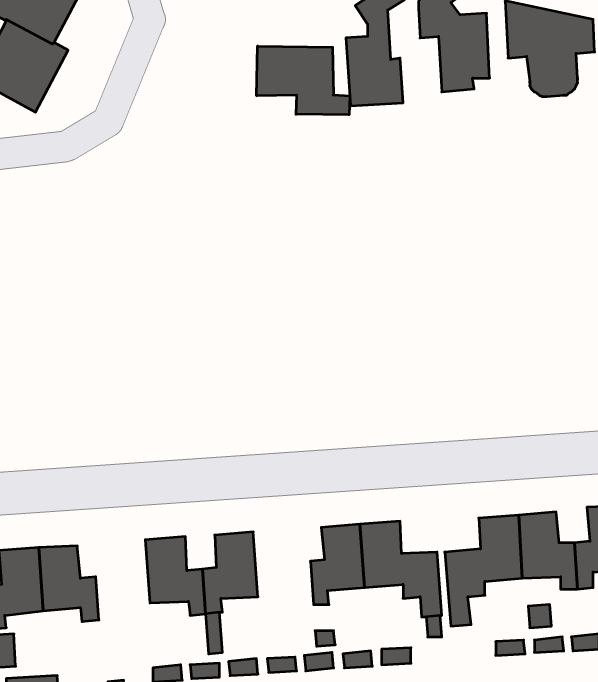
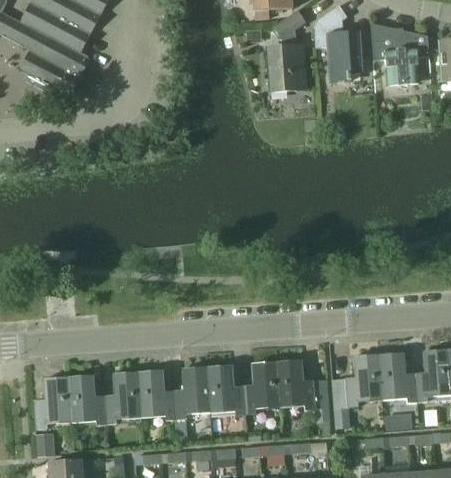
building: [257,46,350,115] -> none
building: none -> [208,365,247,415]
building: none -> [106,372,141,424]

